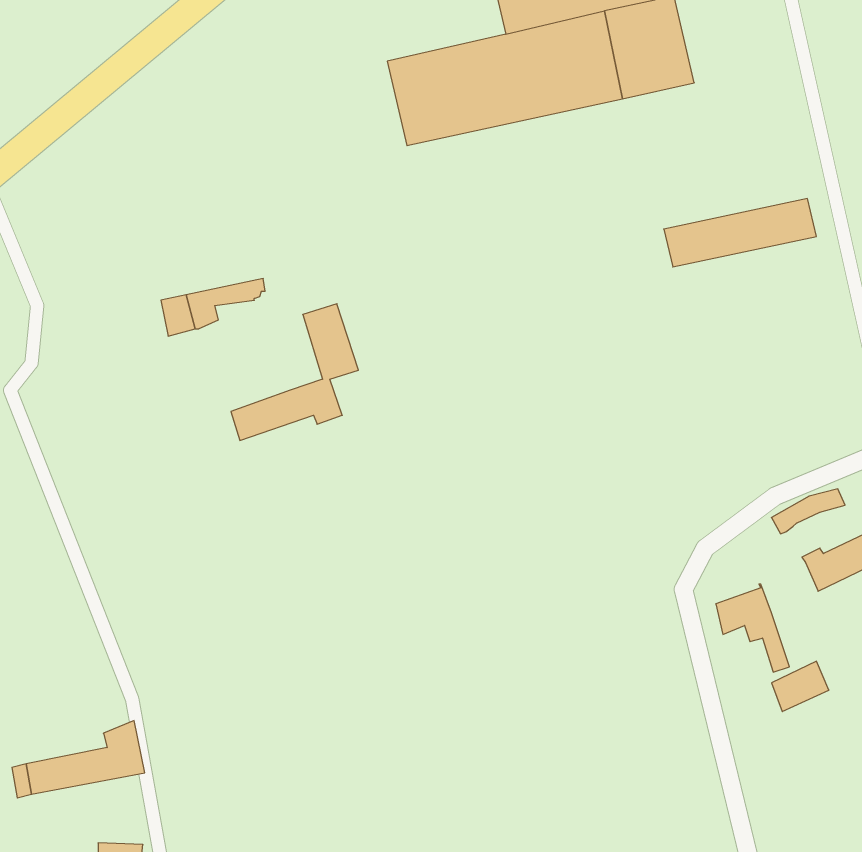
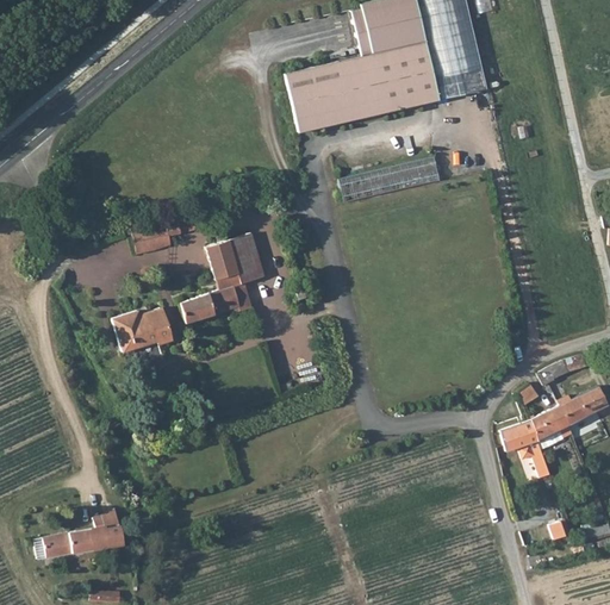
building: [664,199,816,267] -> [340,155,441,200]
building: none -> [206,241,241,291]
building: none -> [112,307,172,351]
building: [772,661,829,712] -> [531,405,569,438]

